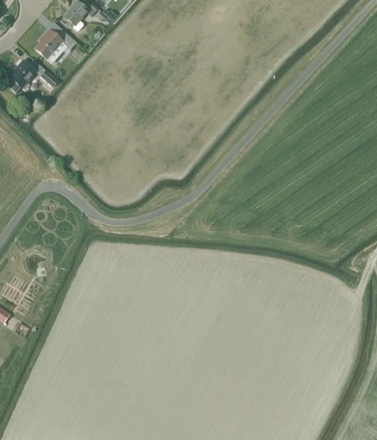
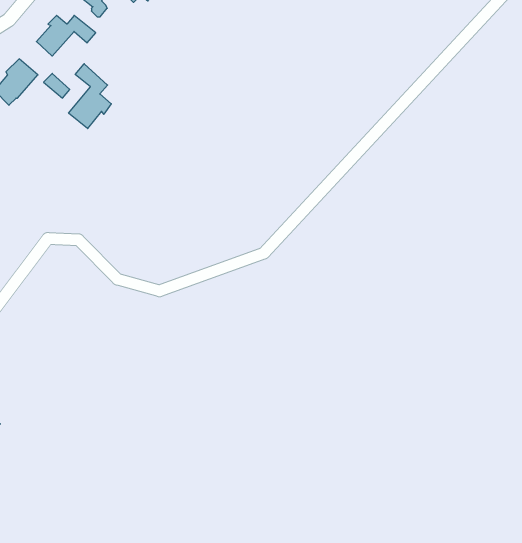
building: none -> [69,64,111,129]

